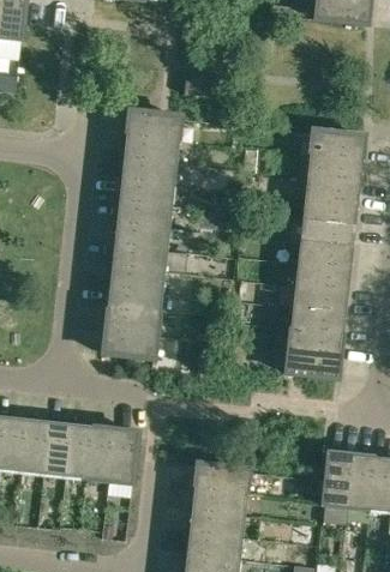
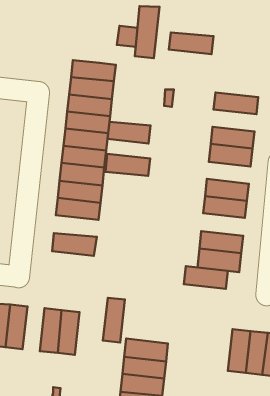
building: none -> [135,6,160,58]
building: [308,131,365,158] -> [169,32,214,54]
building: [305,174,360,201] -> none
building: none -> [108,122,151,143]
building: [298,240,353,267] -> none
building: [290,305,346,333] -> [184,266,228,289]
building: [104,307,161,335] -> [105,154,150,176]
building: [65,422,92,478] -> [103,298,125,342]

